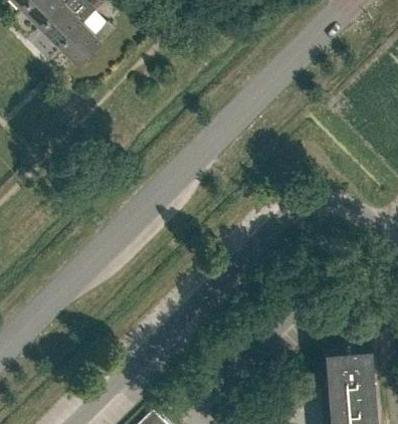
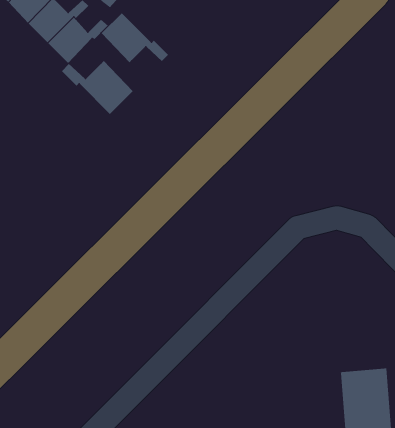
building: none -> [101,12,169,63]
building: none -> [61,60,133,115]

